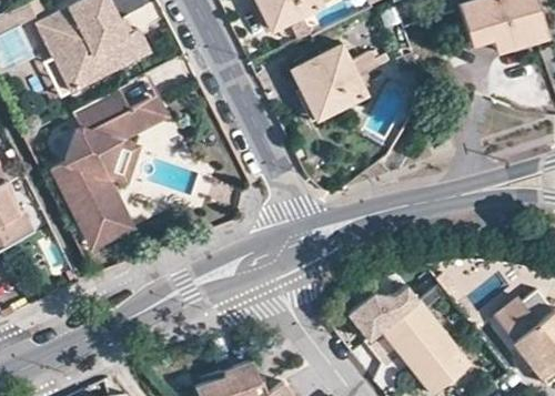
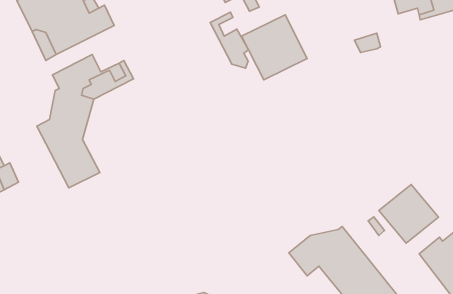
building: none -> [210,12,249,68]
building: [92,140,141,248] -> none
building: none -> [379,185,438,243]

